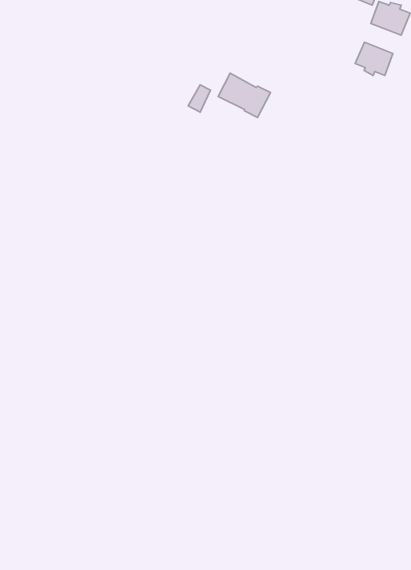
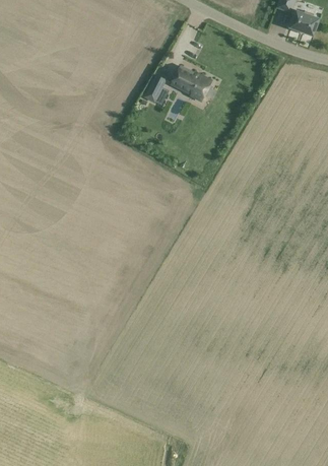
building: [355,42,393,76] -> none

